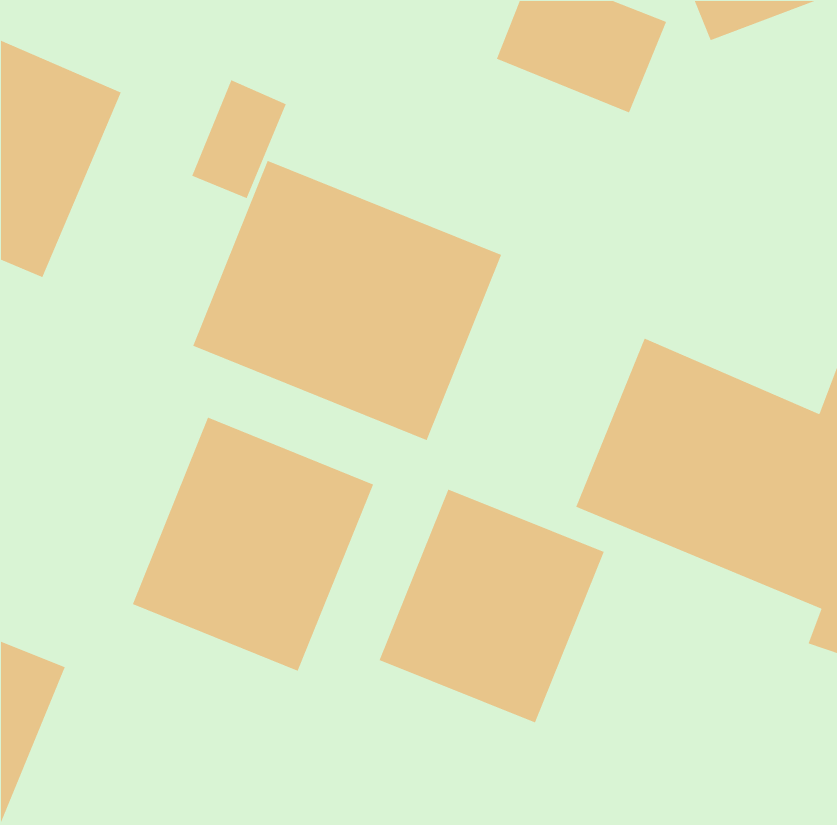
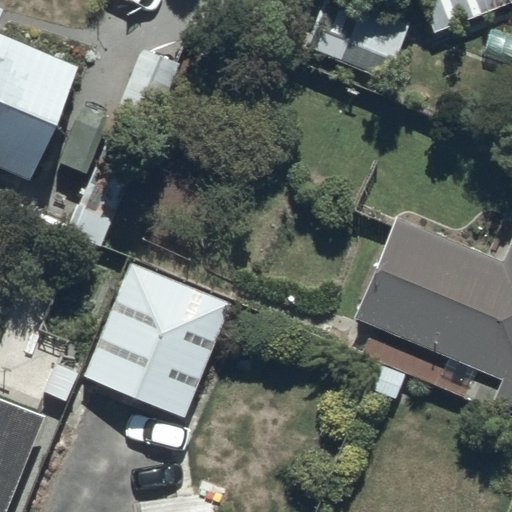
building: [192,160,502,441] -> none
building: [378,489,605,723] -> none

